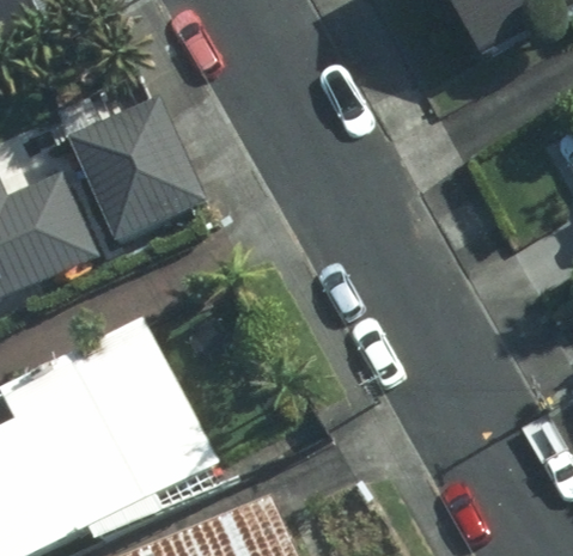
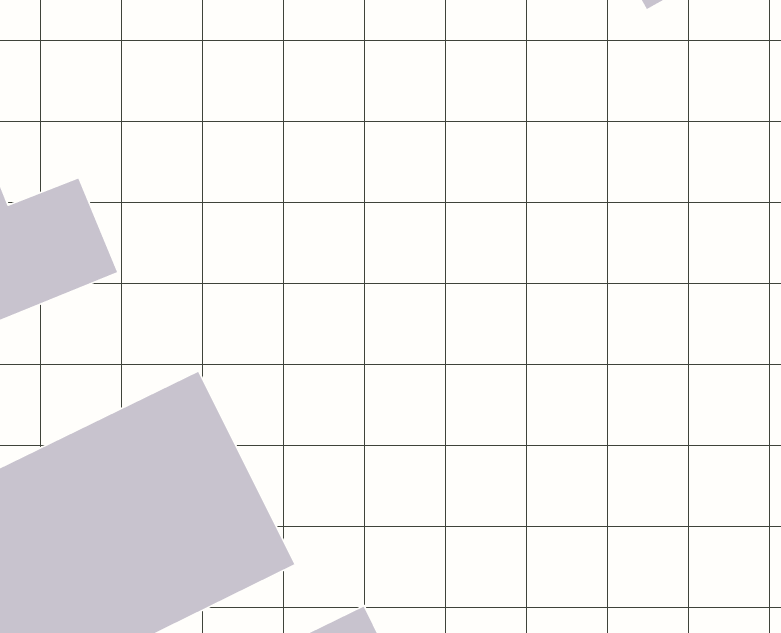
building: [57,90,200,244] -> none

